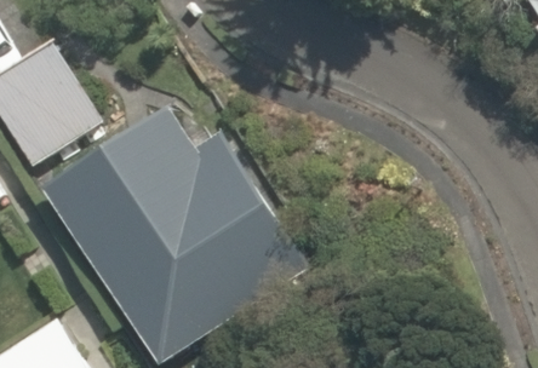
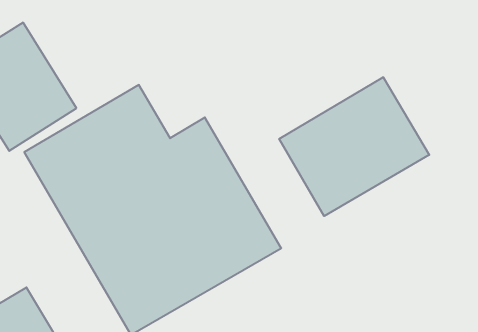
building: none -> [279,77,429,216]

